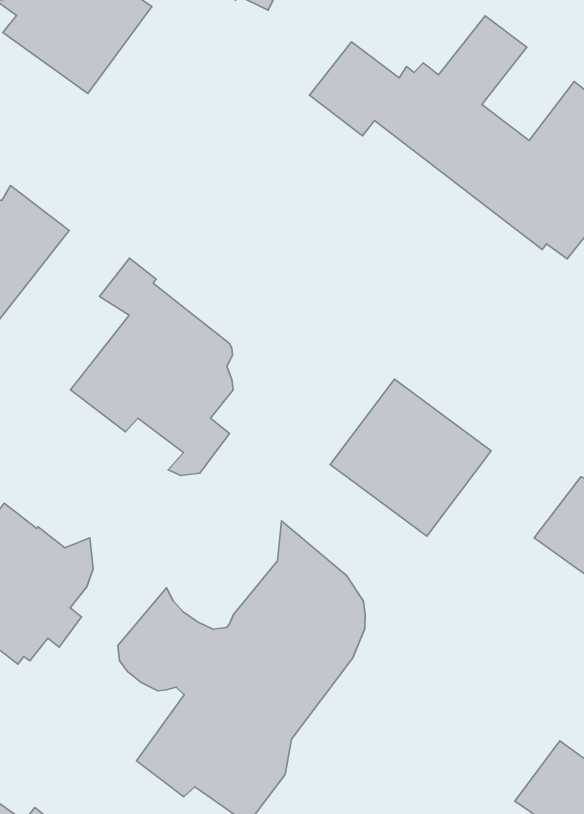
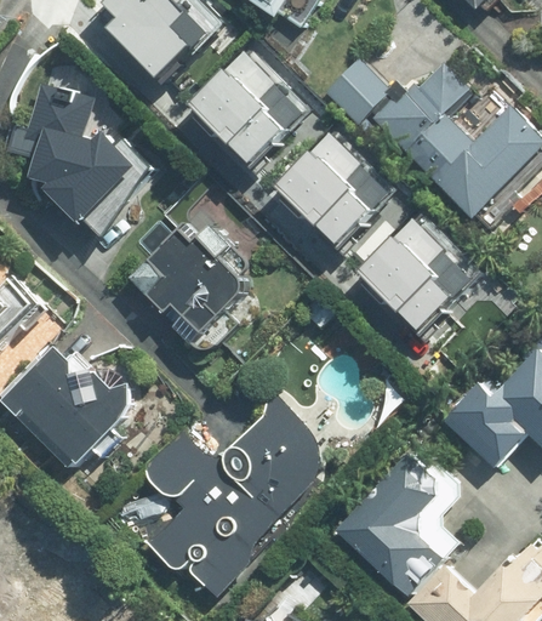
building: none -> [194,49,303,155]
building: none -> [280,131,388,239]
building: [330,379,491,536] -> [364,215,478,327]
building: none -> [335,448,456,600]

